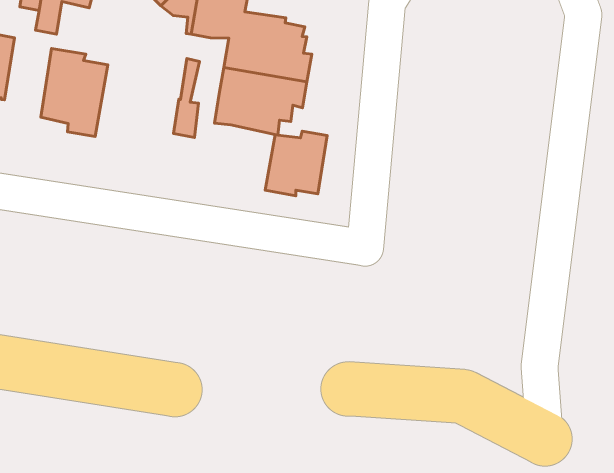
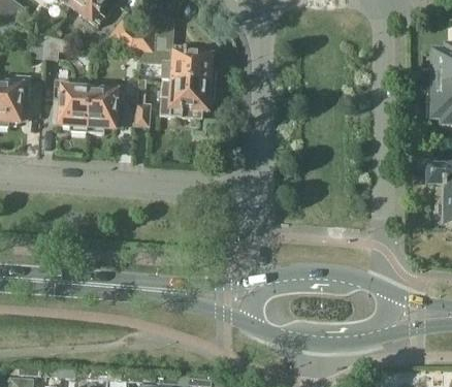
building: none -> [87,86,125,132]
building: [265,131,327,196] -> none

